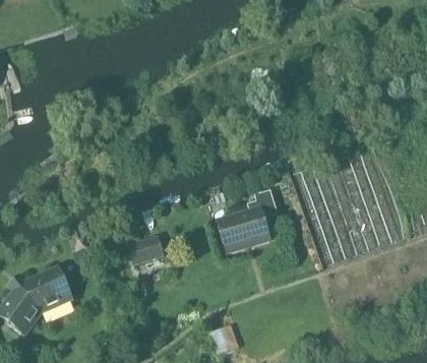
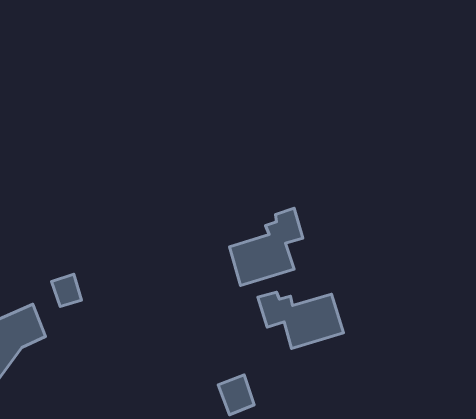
building: [126,235,163,263] -> none
building: none -> [258,292,344,349]

